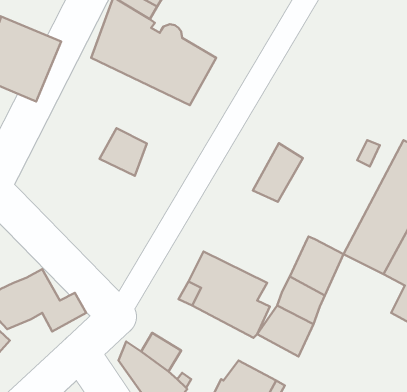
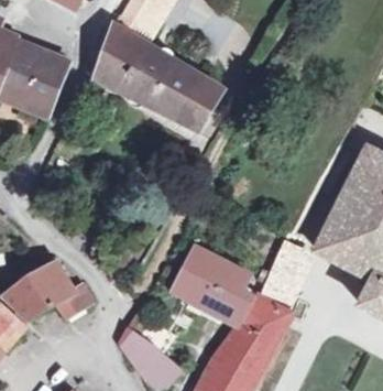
building: [100,128,147,176] -> none
building: [253,143,303,202] -> [180,78,225,130]
building: none -> [223,322,276,367]

